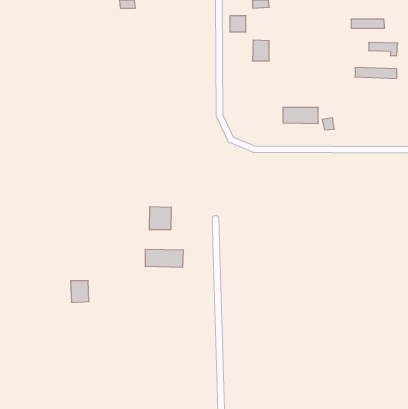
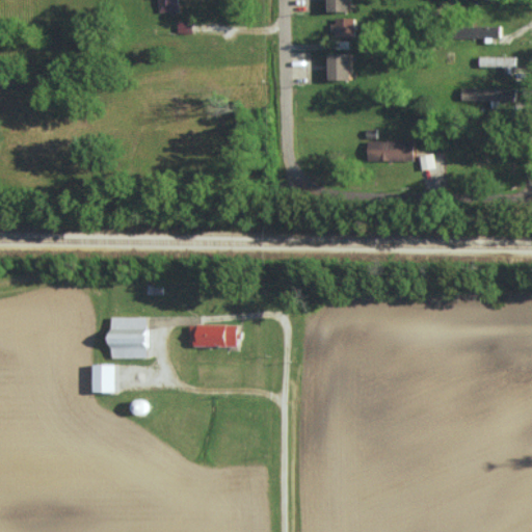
building: [230,16,246,32] -> [331,18,352,38]
building: [149,206,171,230] -> none
building: none -> [109,317,147,358]

